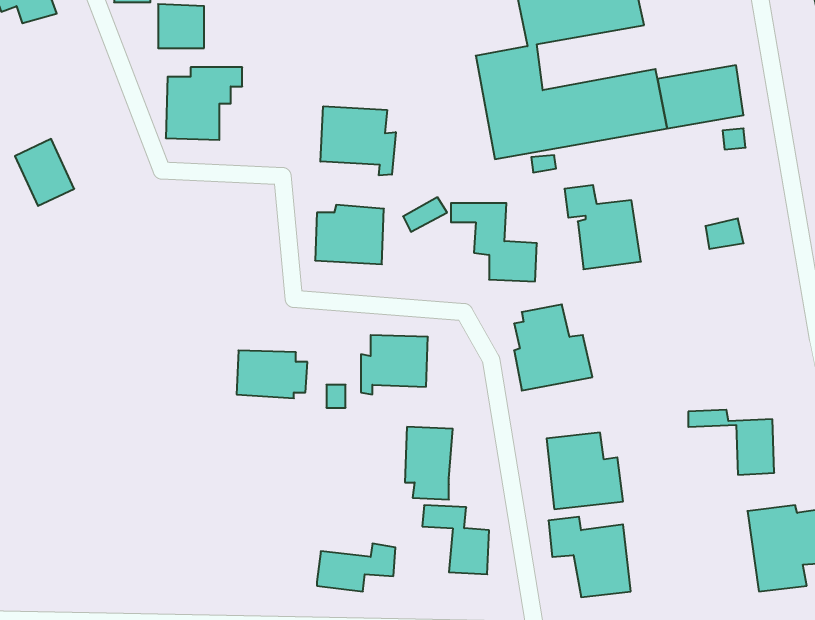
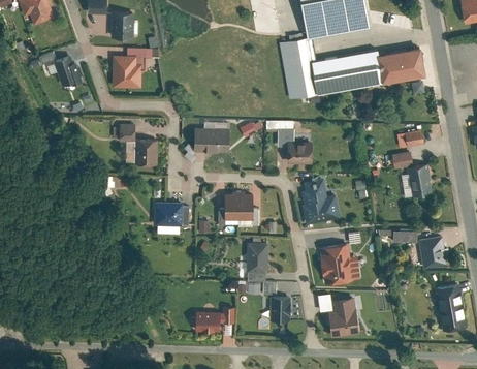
building: [320,106,396,175] -> none
building: [15,139,74,206] -> [52,54,84,90]
building: [564,185,641,269] -> [392,152,434,197]
building: none -> [120,127,159,164]

